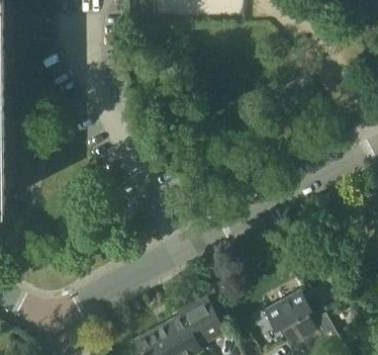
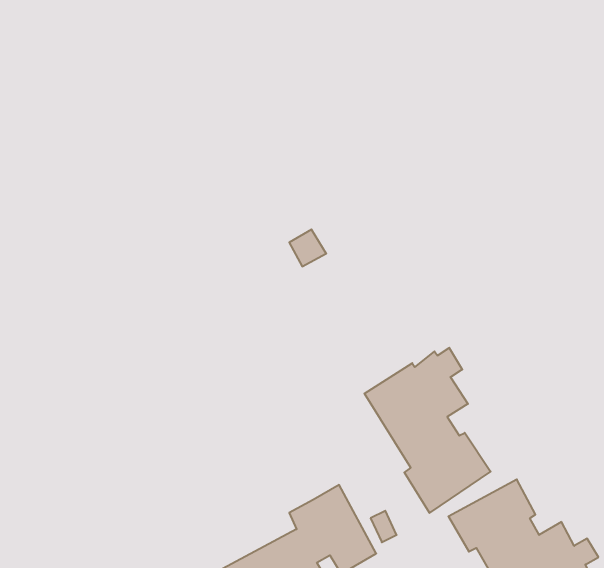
building: none -> [364,348,491,513]

